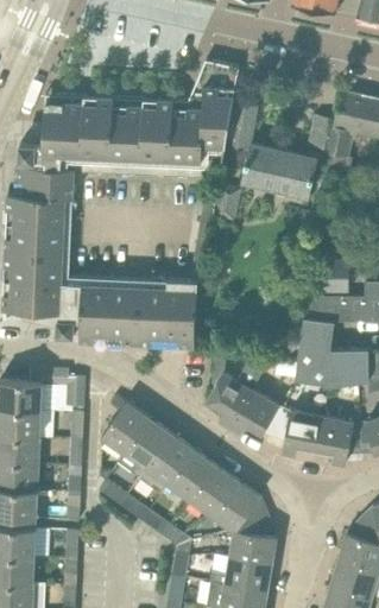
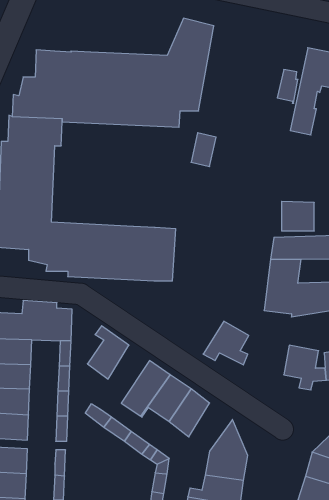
building: [223,100,318,196] -> none
building: [208,359,258,425] -> none
building: [272,410,322,455] -> none
building: [118,416,170,479] -> none
building: [213,479,260,531] -> none

